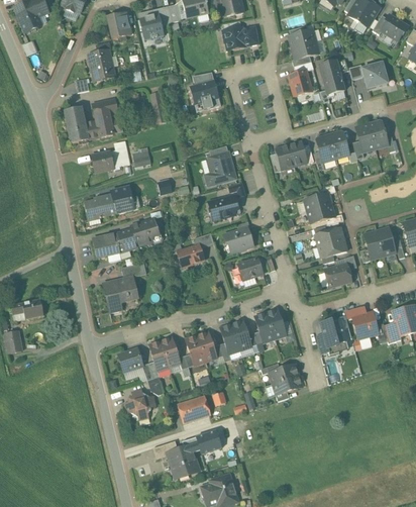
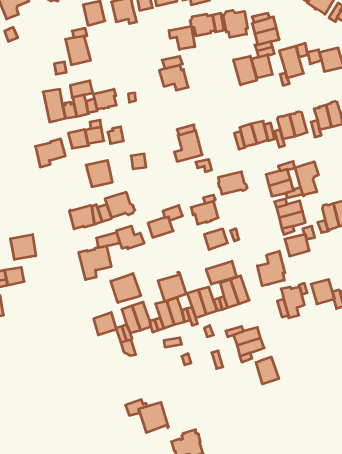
building: none -> [223,10,248,37]
building: none -> [169,26,195,50]
building: none -> [234,56,257,85]
building: none -> [93,89,116,109]
building: none -> [295,162,318,196]
building: [84,194,116,224] -> [35,139,65,167]
building: [209,195,240,219] -> [218,172,247,194]
building: none -> [117,226,144,249]
building: none -> [10,234,36,260]
building: none -> [257,251,285,286]
building: none -> [206,261,237,284]
building: none -> [158,272,186,302]
building: none -> [111,273,141,303]
building: [124,389,154,419] -> none
building: [178,395,210,422] -> none
building: none -> [256,357,279,384]
building: [195,429,222,455] -> none

